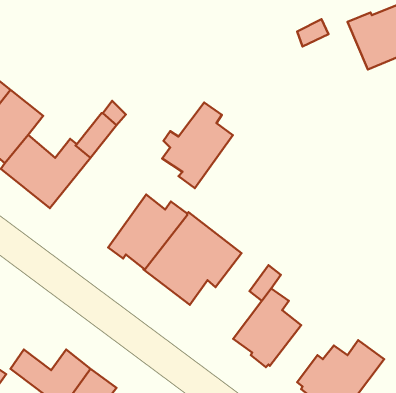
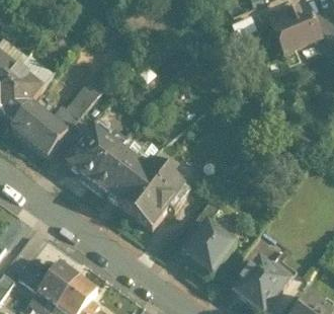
building: [162,103,233,188] -> [67,123,119,186]

